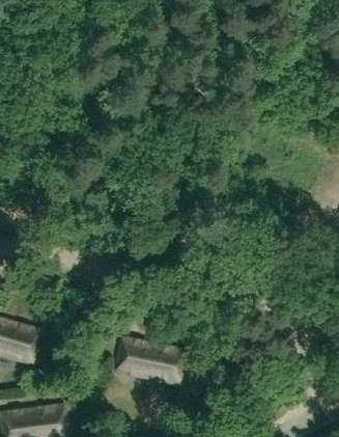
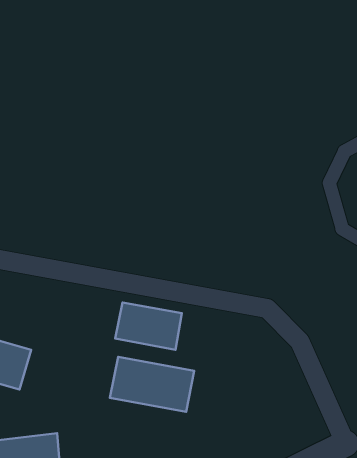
building: none -> [115,302,182,350]

